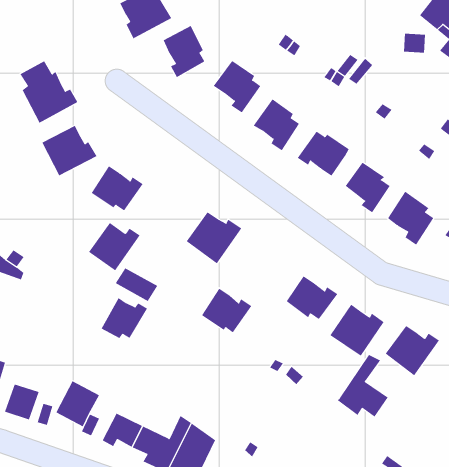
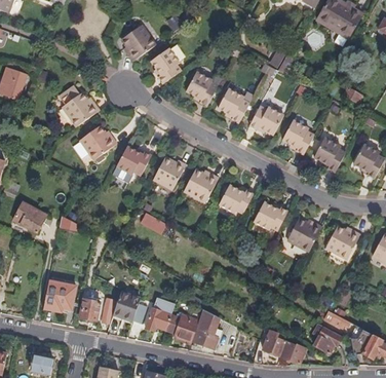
building: [88,222,140,271] -> [153,157,186,189]
building: [201,288,252,333] -> [221,184,254,213]
building: [101,297,148,339] -> none
building: [337,354,389,418] -> none

